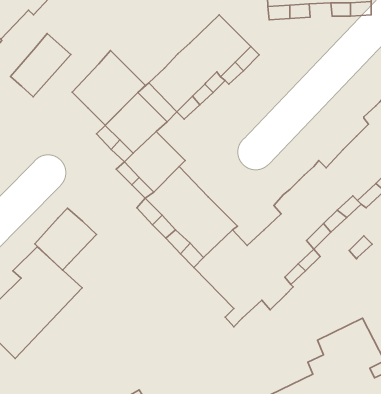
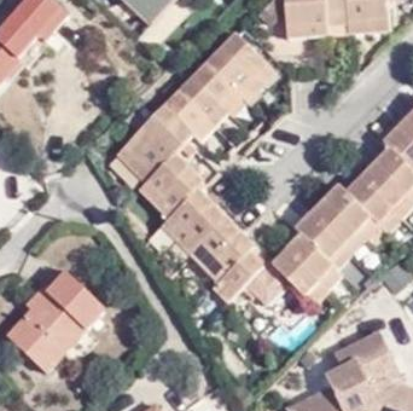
building: [11,33,71,97] -> none
building: [72,51,145,125] -> none
building: [35,208,96,270] -> none

